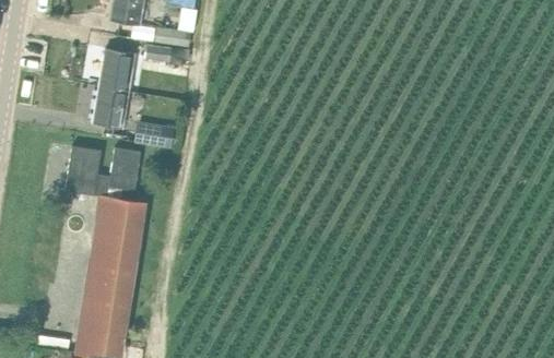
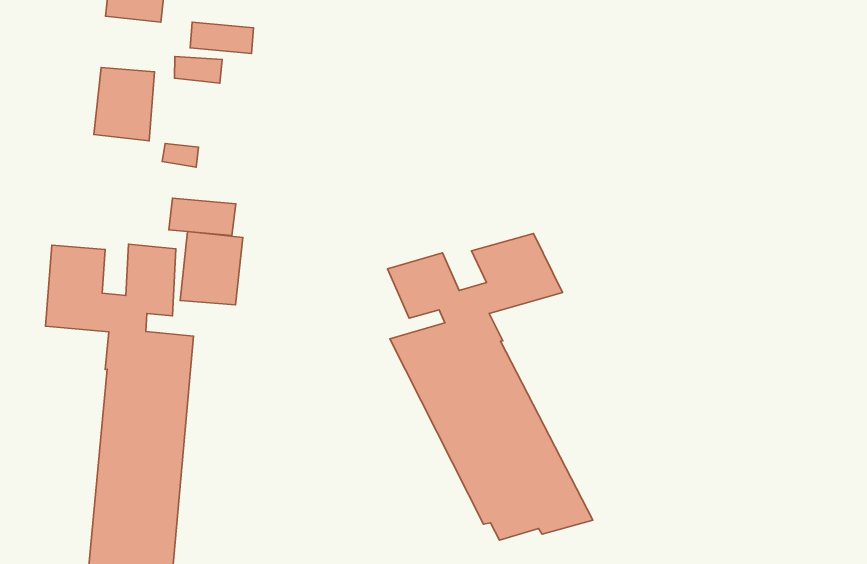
building: [92,86,129,129] -> [180,231,243,305]
building: none -> [388,234,593,540]

